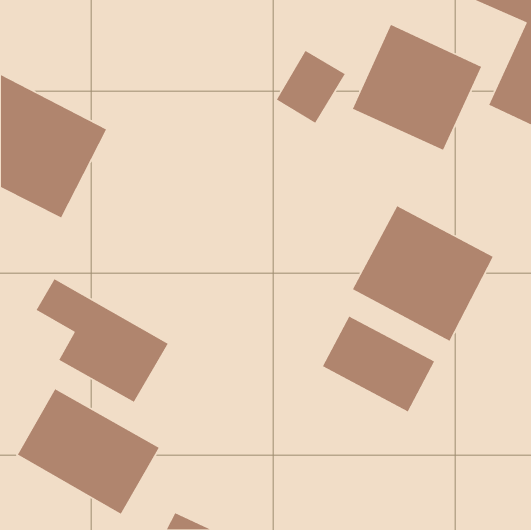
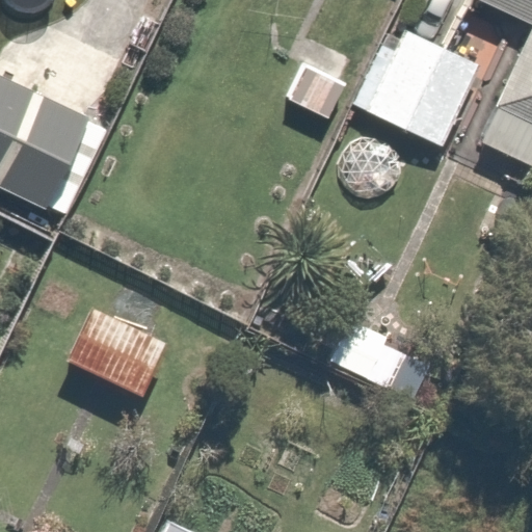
building: [352,205,494,342] -> none
building: [17,388,160,515] -> none

